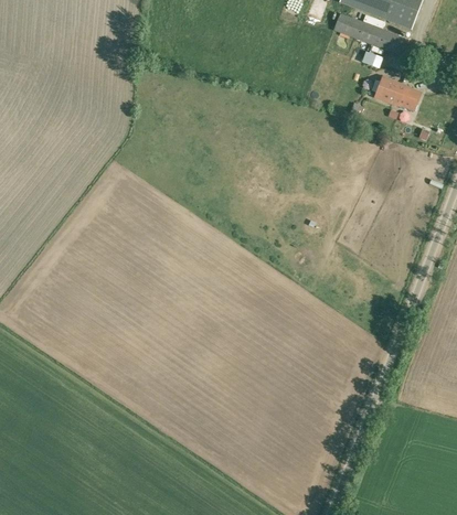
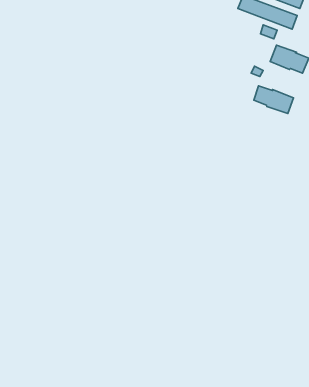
building: none -> [254,86,294,113]

